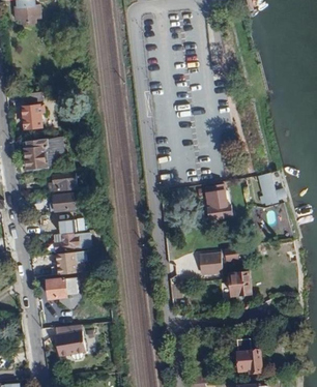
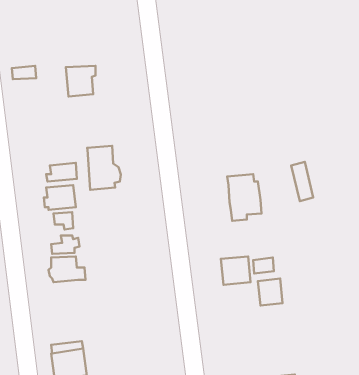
building: [20,105,45,130] -> [66,66,96,97]
building: [22,140,48,170] -> none
building: none -> [87,146,121,190]
building: [45,277,79,308] -> none

